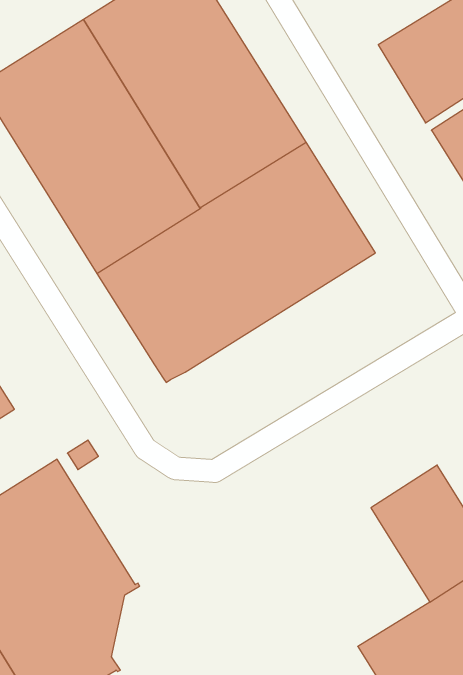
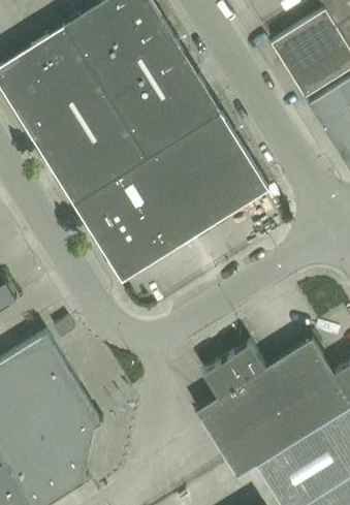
building: none -> [196,345,308,478]

